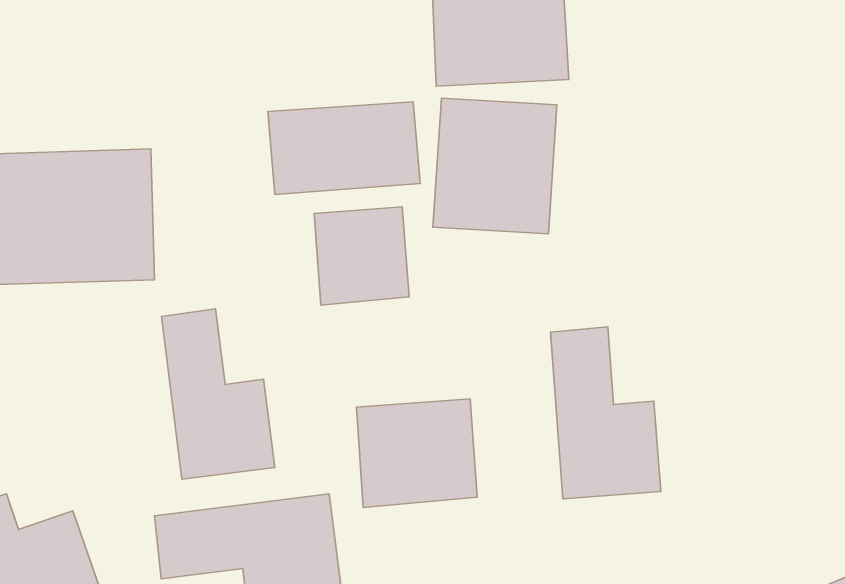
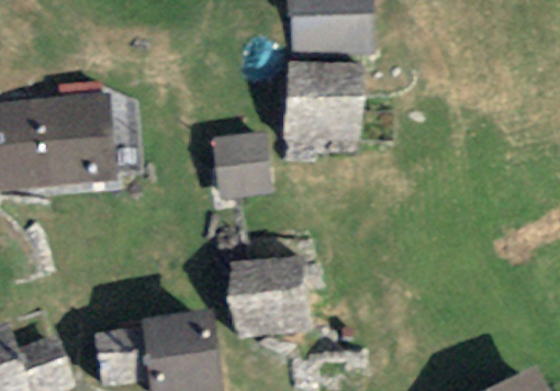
building: [268,102,420,194] -> none
building: [161,309,275,479] -> none
building: [550,327,661,499] -> none

